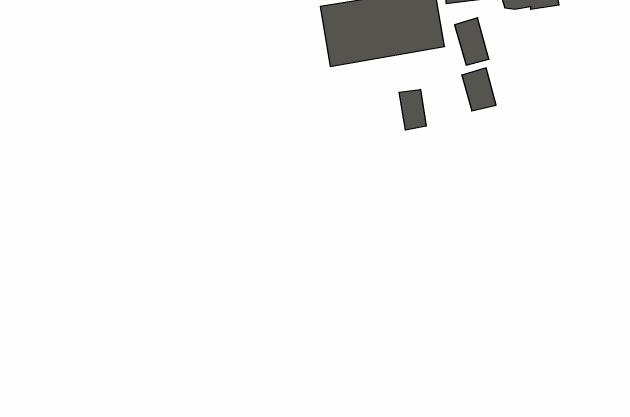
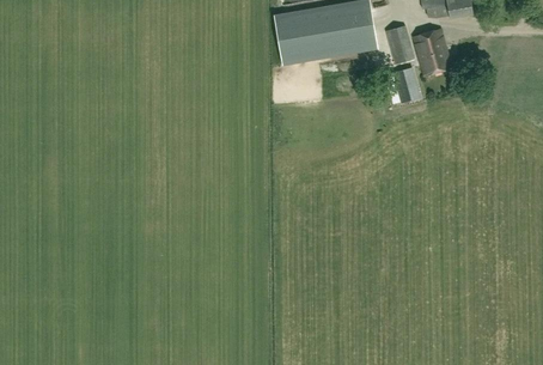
building: none -> [413,28,451,75]
building: [399,89,426,130] -> none

